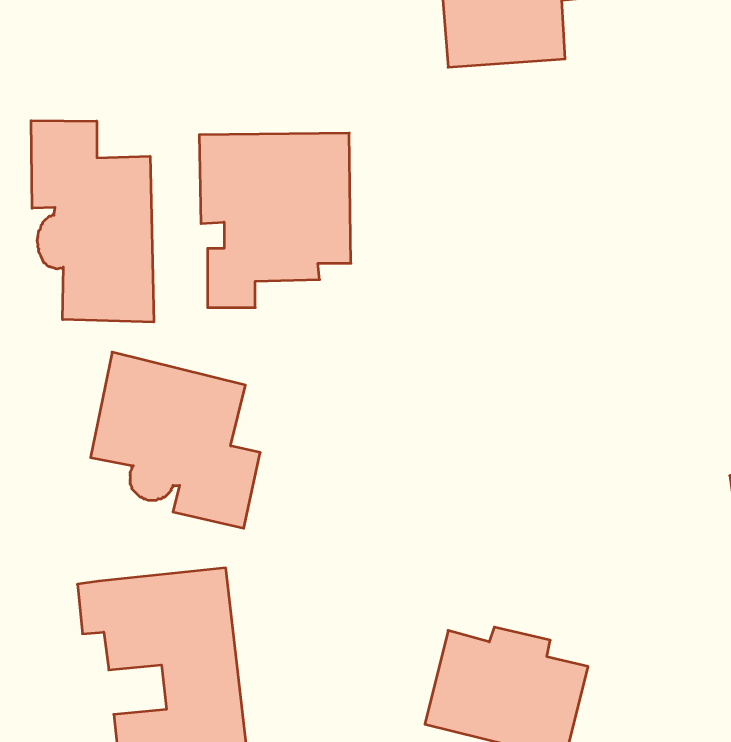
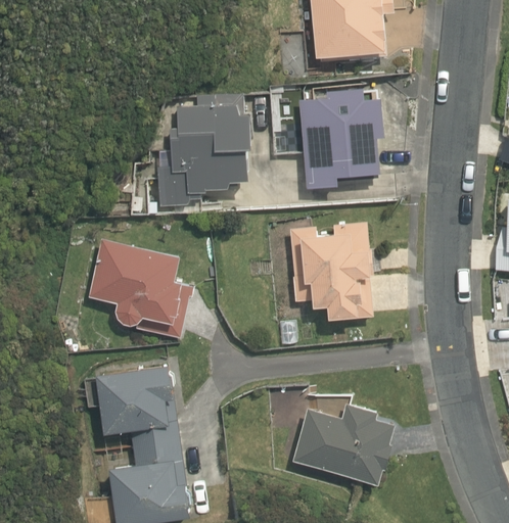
building: none -> [277,86,382,190]
building: [31,121,154,322] -> none
building: none -> [290,222,379,324]

